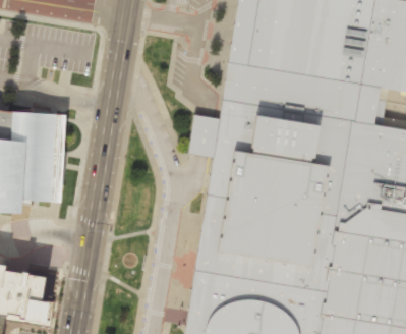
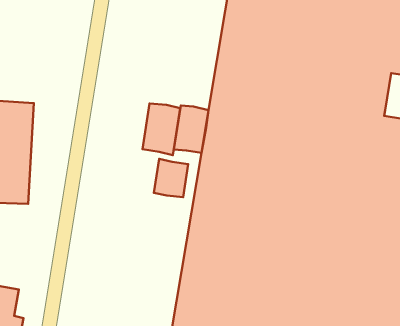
building: none -> [142,103,180,155]
building: none -> [154,159,188,197]

